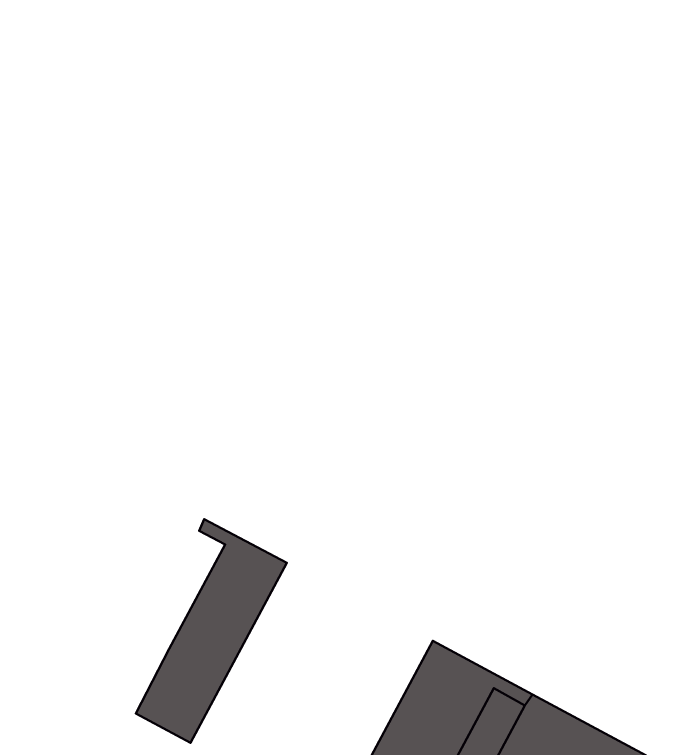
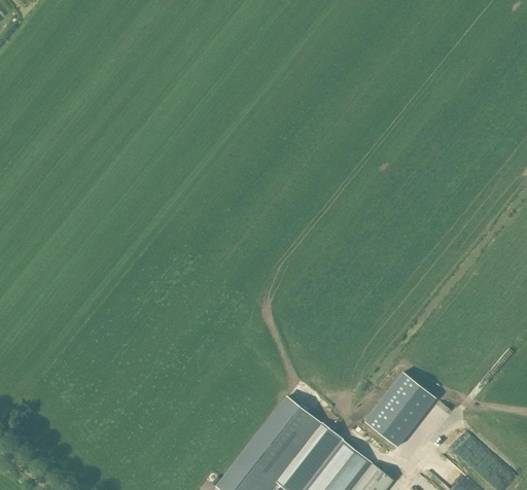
building: [136,519,287,743] -> none
building: none -> [368,379,431,447]

